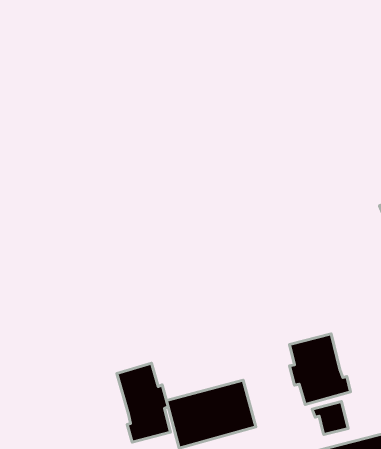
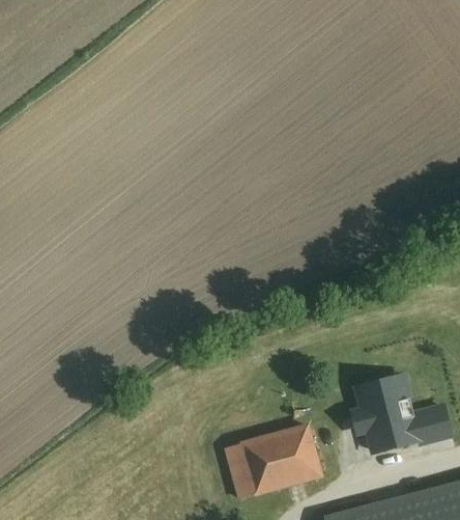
building: [117,363,171,442] -> none
building: [312,402,348,434] -> [410,406,449,441]

